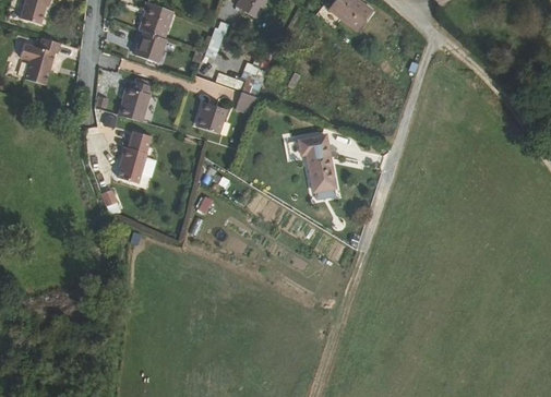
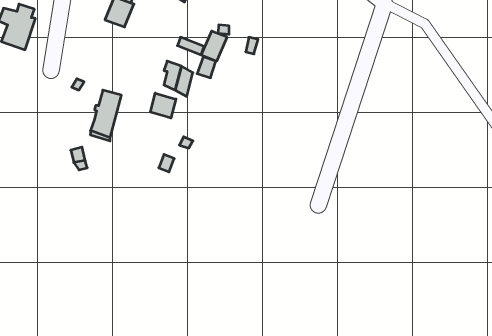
building: [117,77,152,119] -> none
building: none -> [150,93,176,118]
building: [286,132,335,192] -> none

